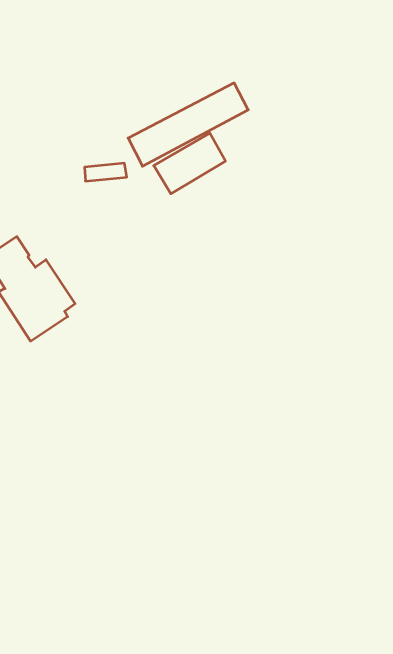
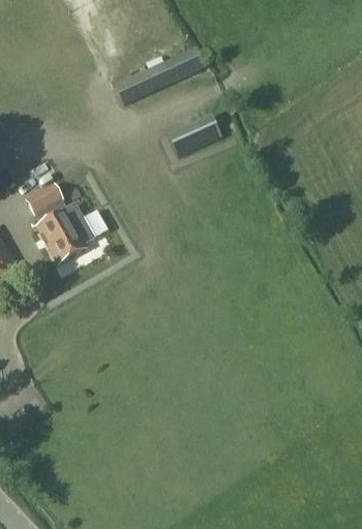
building: [128,83,248,166] -> [114,45,205,103]

